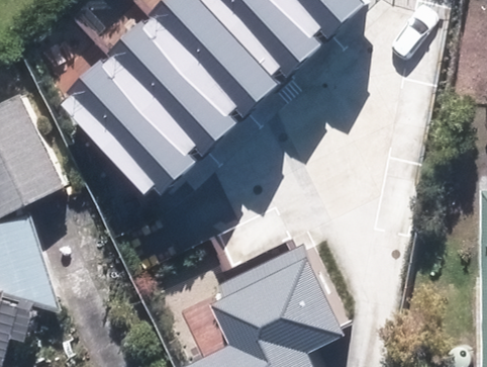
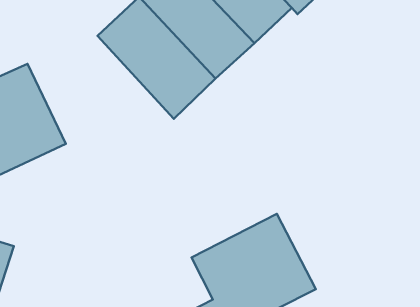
building: [59,60,190,193] -> none

